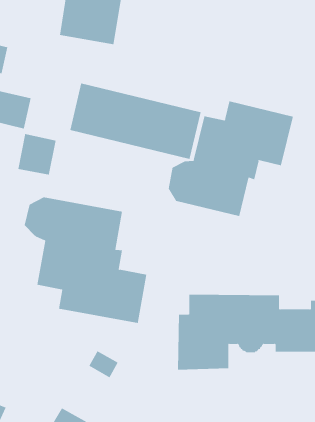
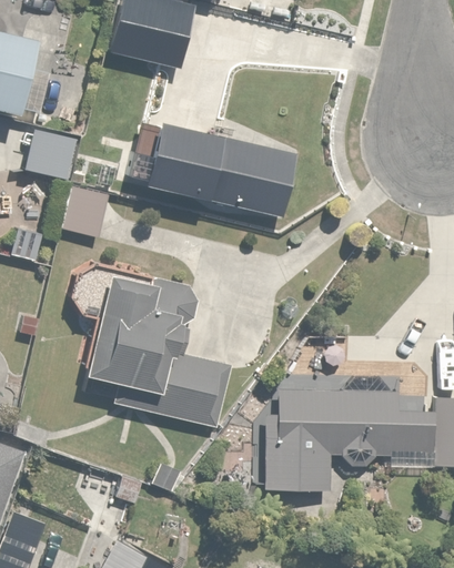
building: [168,101,294,217] -> none

